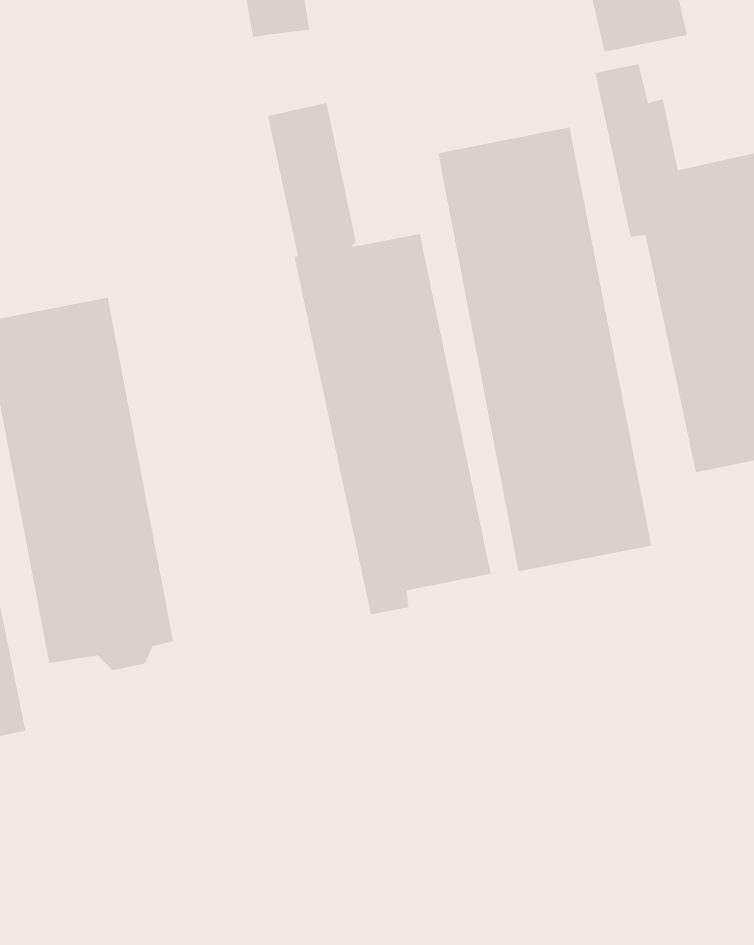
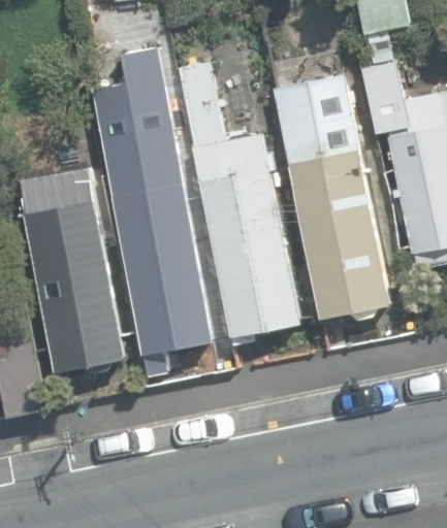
building: none -> [100,125,210,369]

